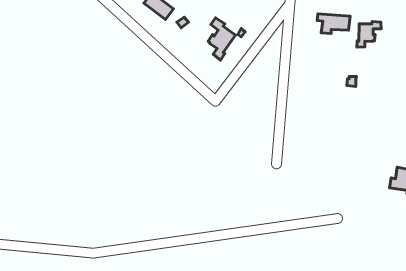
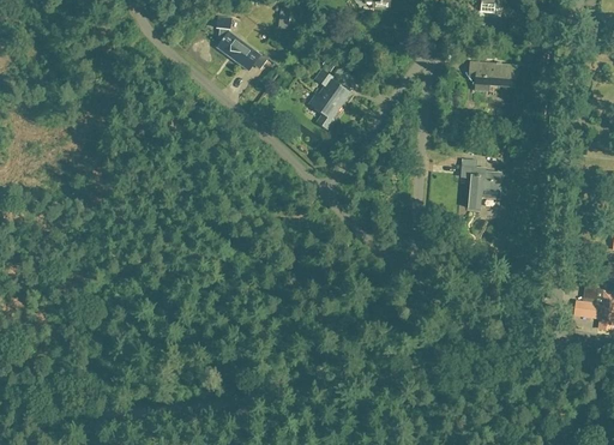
building: [357,22,381,47] -> none
building: none -> [460,166,500,208]

